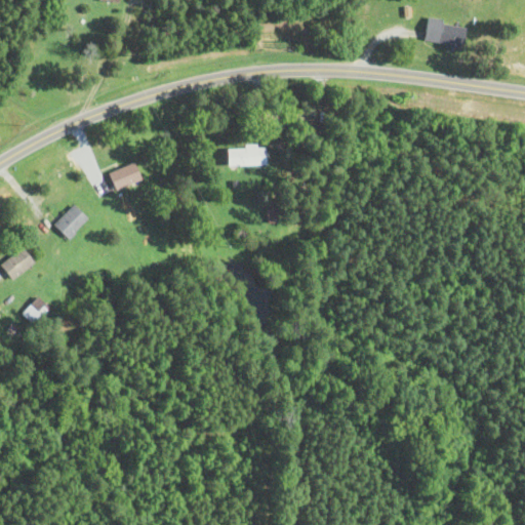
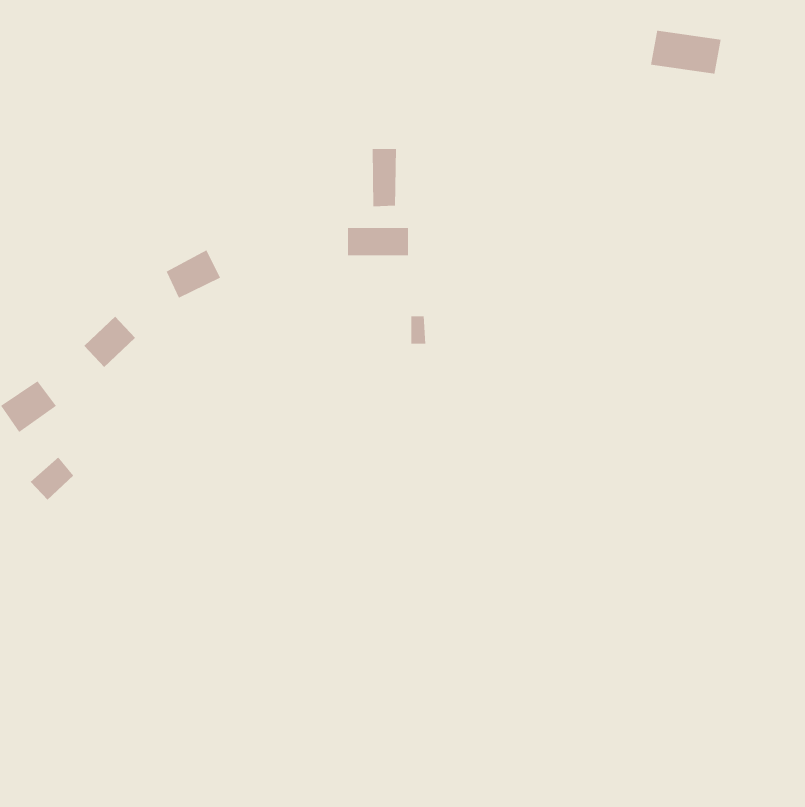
building: none -> [372,148,397,207]

